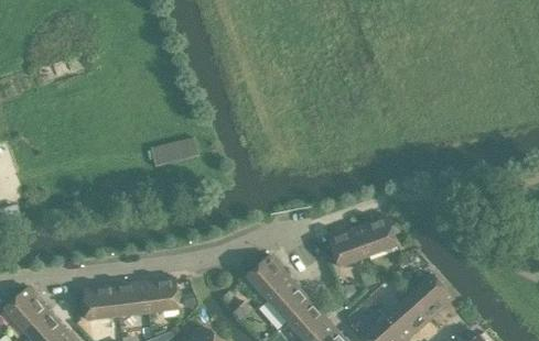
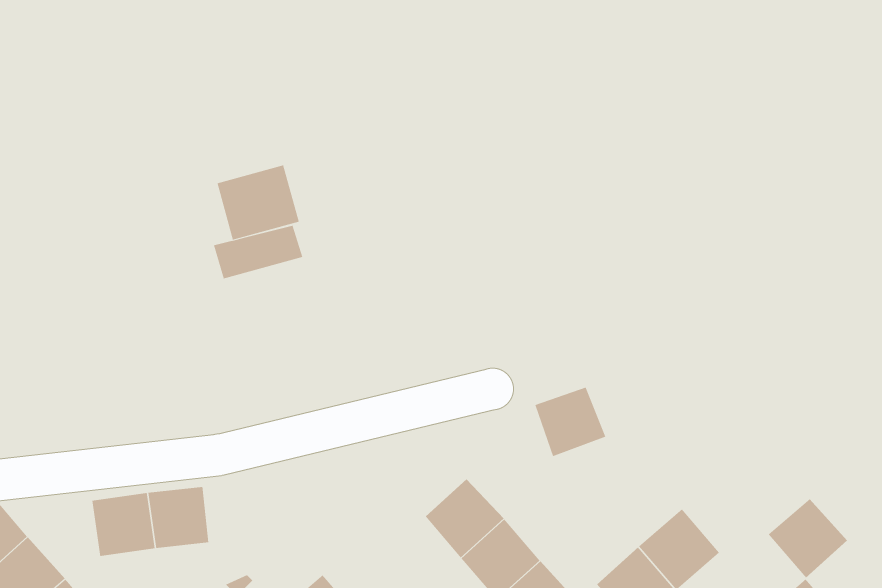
building: none -> [217,164,299,240]
building: [355,217,396,255] -> none
building: [245,255,289,299] -> none
building: [408,275,452,319] -> [768,499,848,578]
building: [143,278,177,314] -> none

